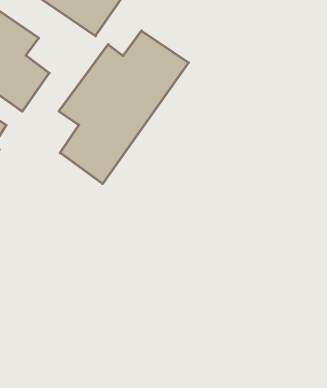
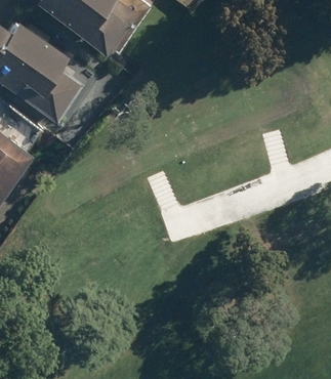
building: [59,31,189,184] -> none

